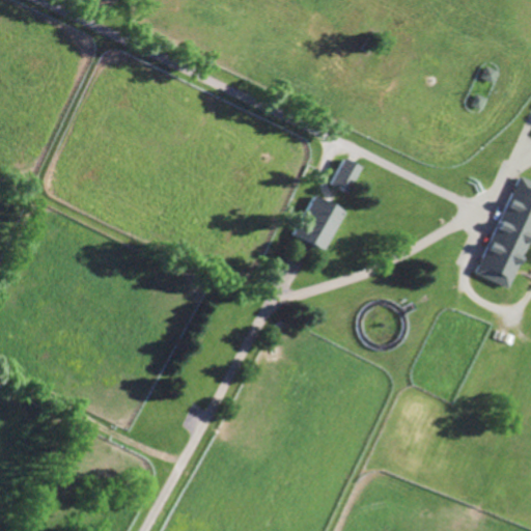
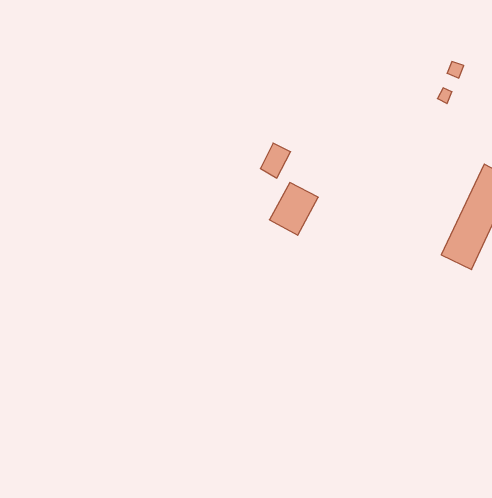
building: [331,158,363,195] -> [260,143,291,178]

